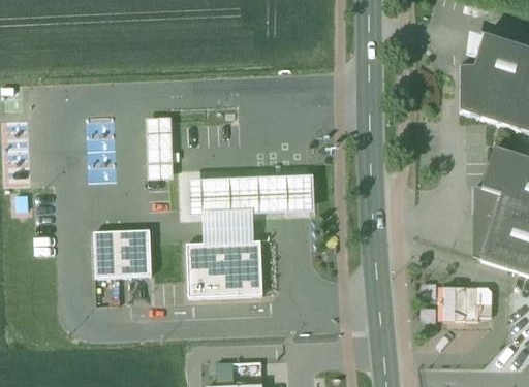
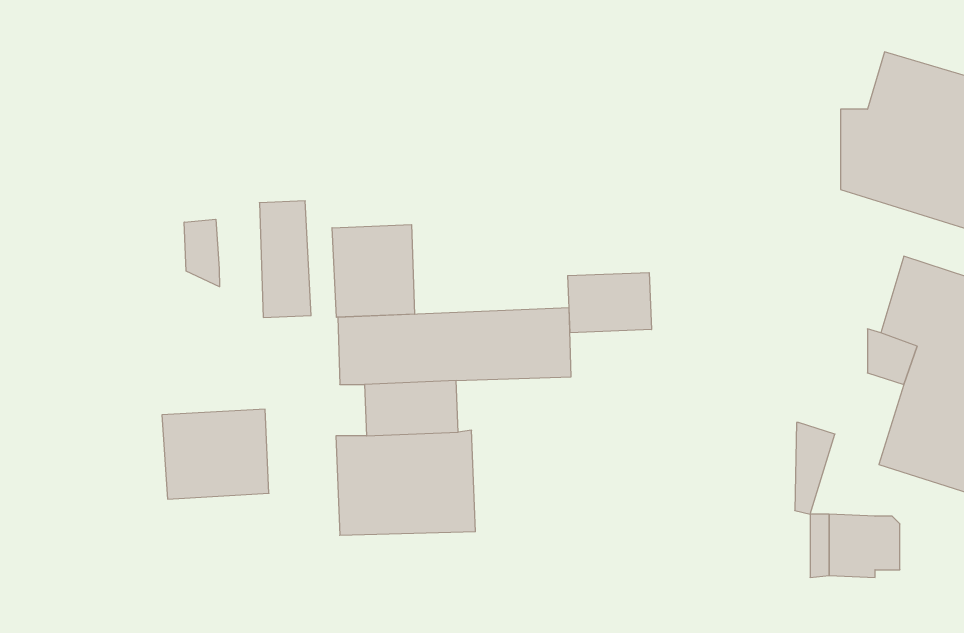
building: none -> [184,219,220,287]
building: none -> [332,225,414,317]
building: none -> [568,273,651,333]
building: [472,208,494,258] -> [795,423,835,514]

